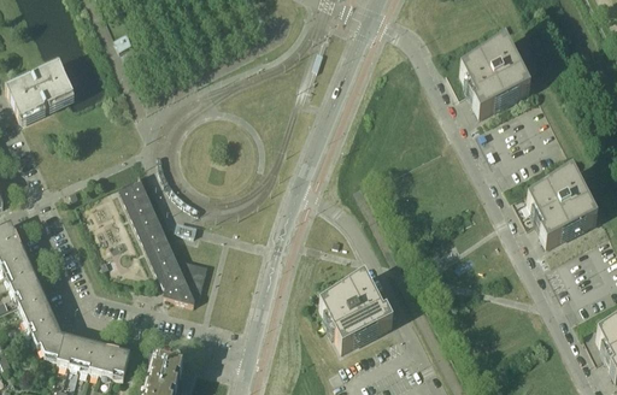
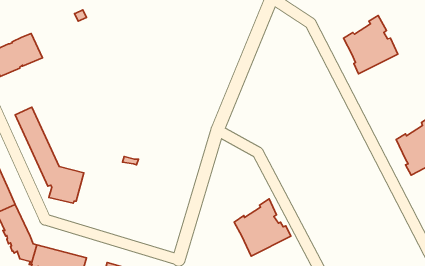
building: [121,177,208,300] -> [15,107,84,203]

